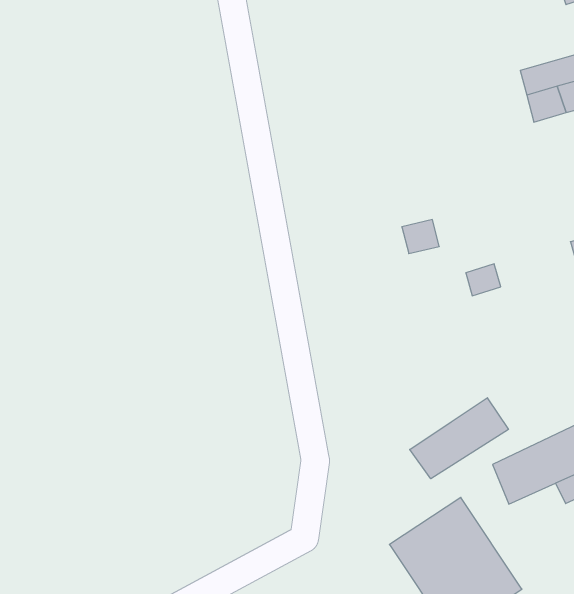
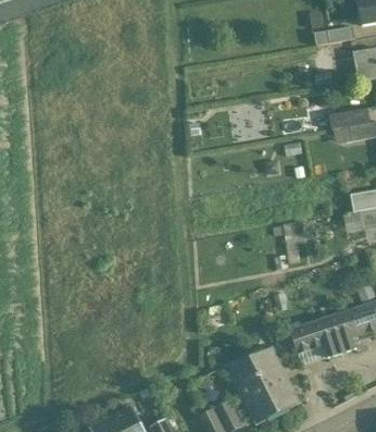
building: [410,398,508,479] -> none

